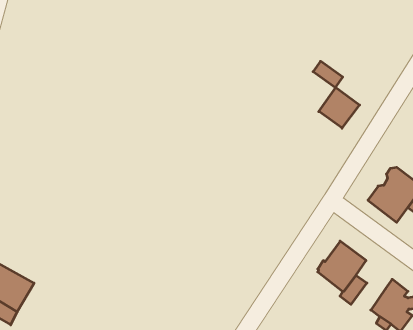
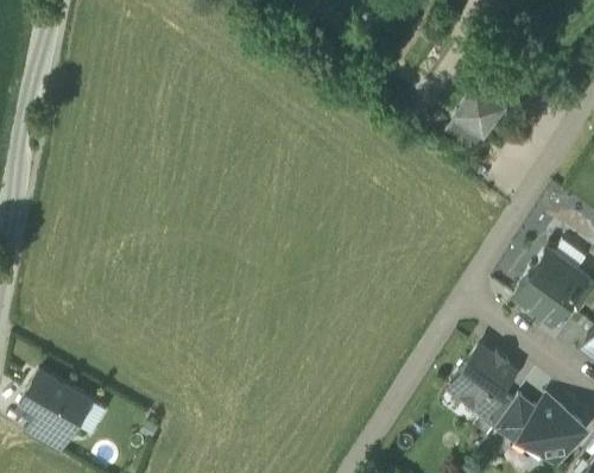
building: [319,87,360,128] -> [455,86,507,138]
building: none -> [495,392,539,442]

